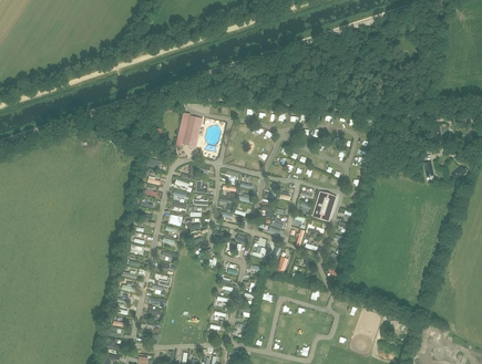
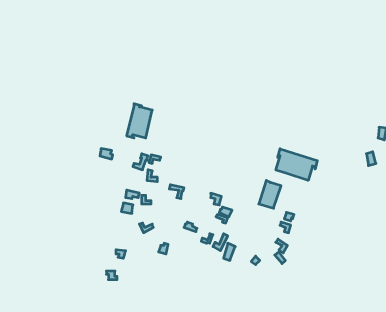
building: none -> [276,149,317,180]

